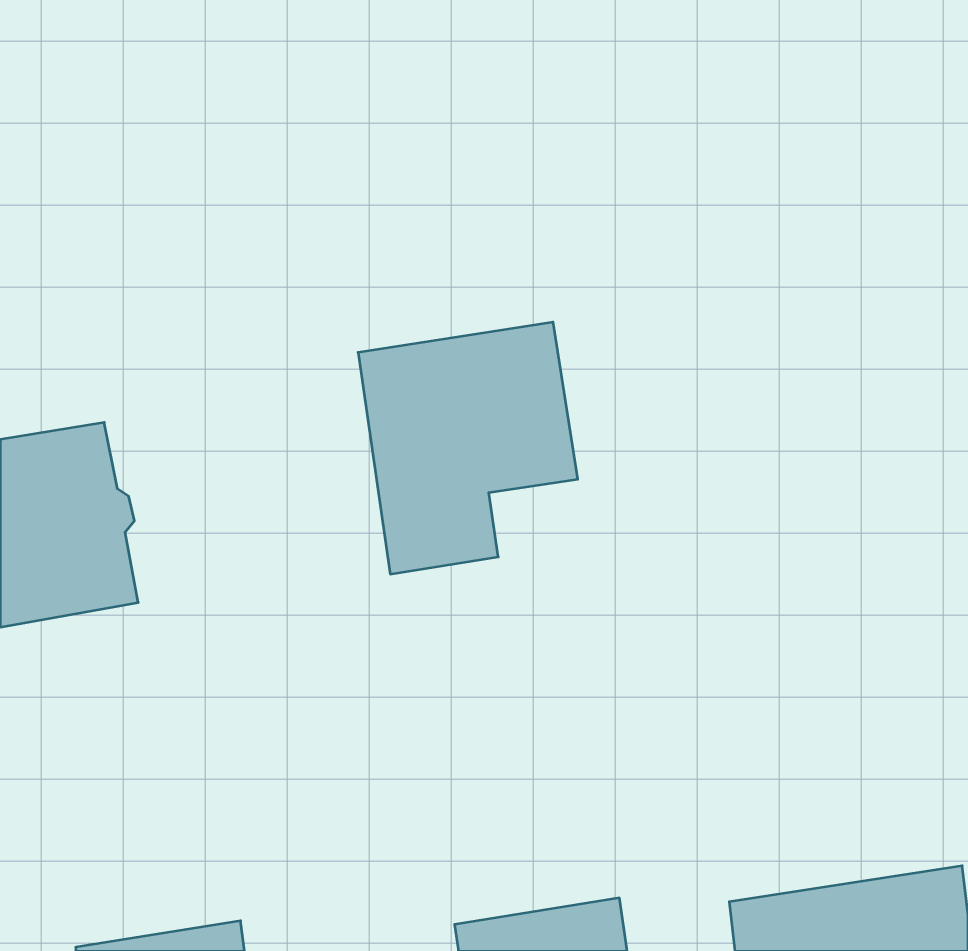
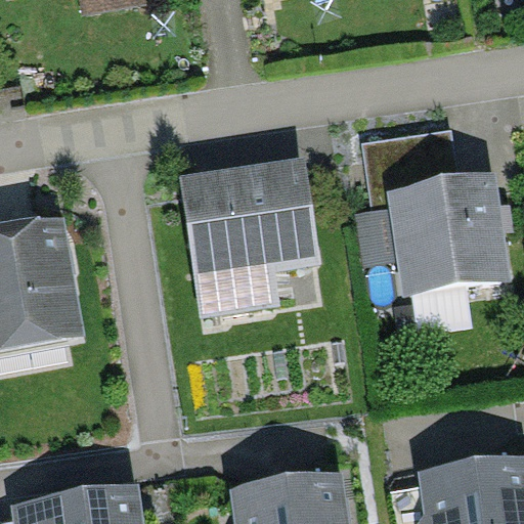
building: none -> [367,131,504,292]

